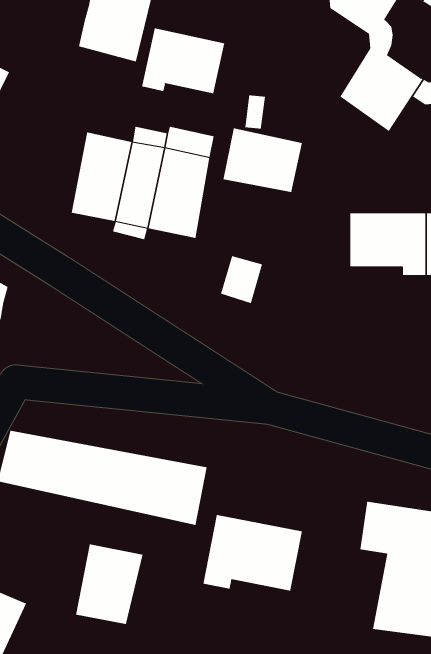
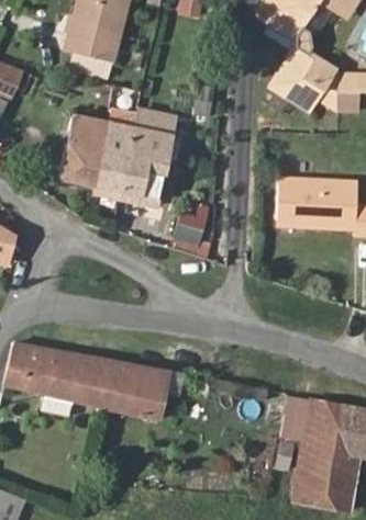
building: [142,27,225,94] -> none
building: [223,127,302,193] -> none
building: [203,514,302,591] -> none
building: [76,543,143,625] -> none

